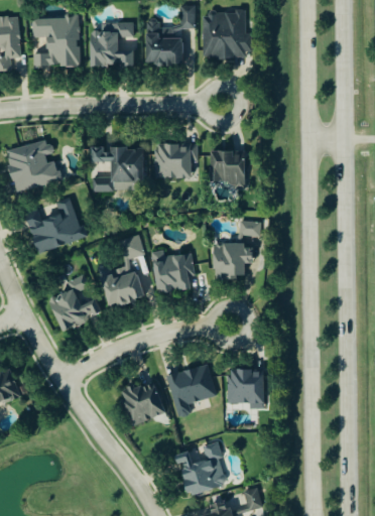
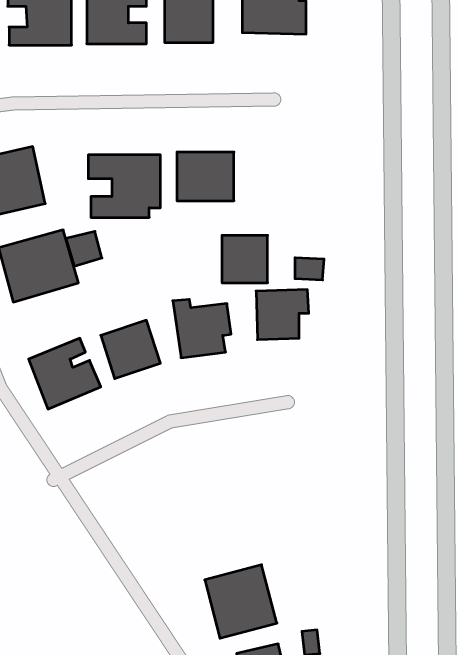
building: [211,150,244,184] -> [222,235,268,283]
building: [118,235,144,260] -> [66,231,102,266]
building: [167,365,215,416] -> none
building: [228,369,264,405] -> none
building: [119,379,164,425] -> none

